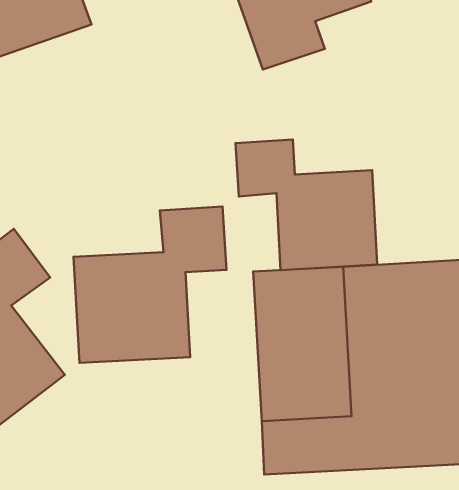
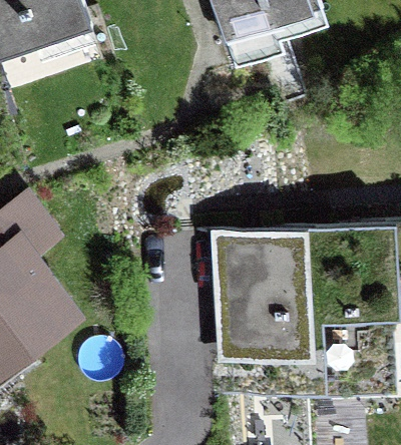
building: [235,139,377,270] -> none
building: [74,207,227,363] -> none

